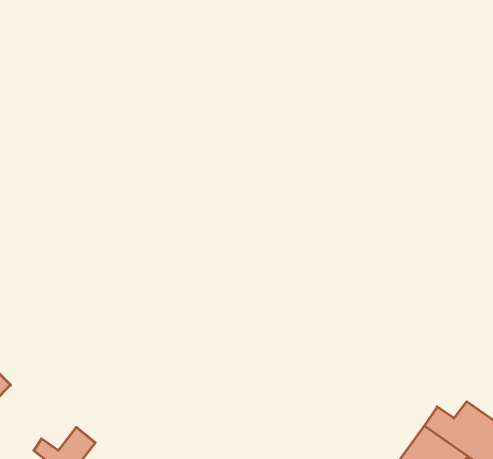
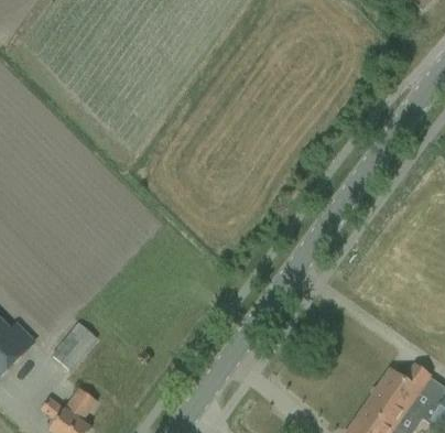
building: none -> [51,323,96,370]

